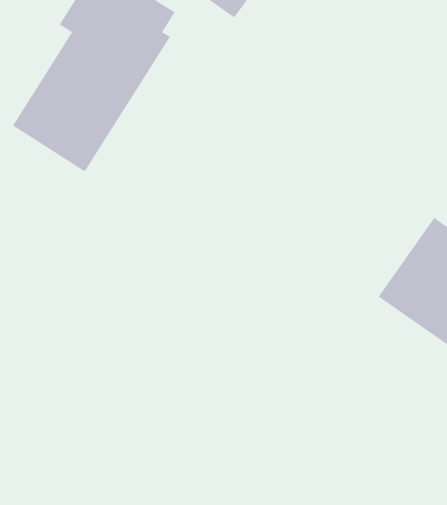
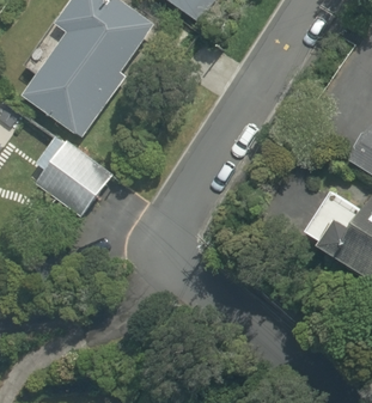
building: none -> [30,141,112,219]

